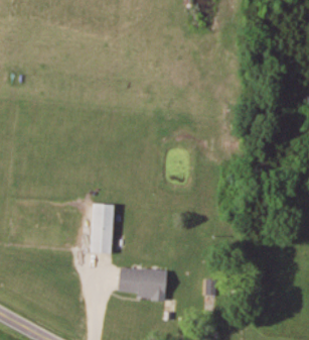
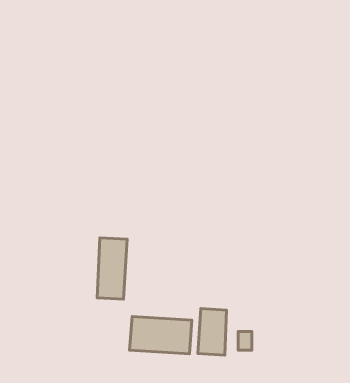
building: none -> [198,308,227,355]

